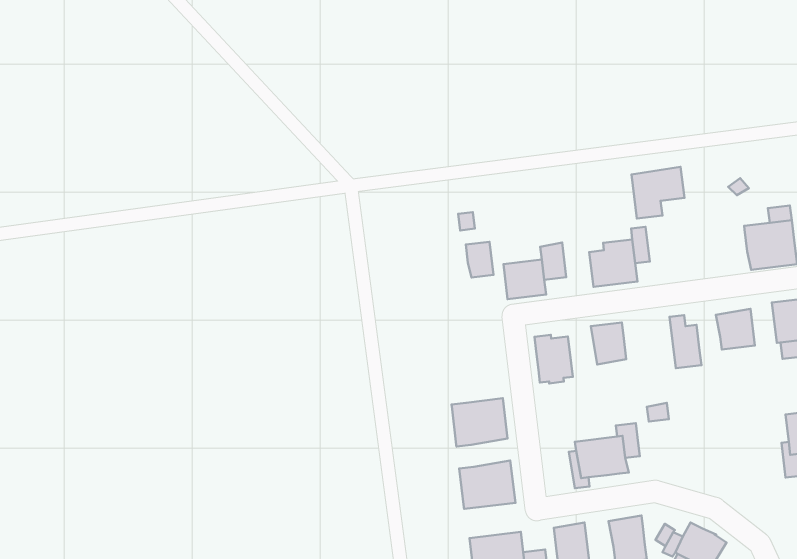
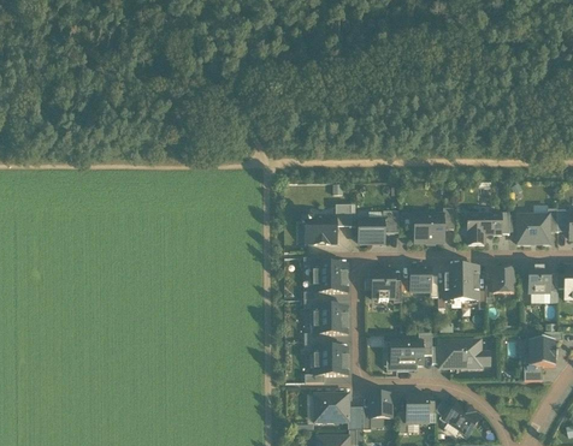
building: [631,167,684,218] -> [467,214,500,244]
building: none -> [302,214,336,243]
building: none -> [444,267,461,301]
building: none -> [313,264,347,292]
building: none -> [438,340,489,367]

